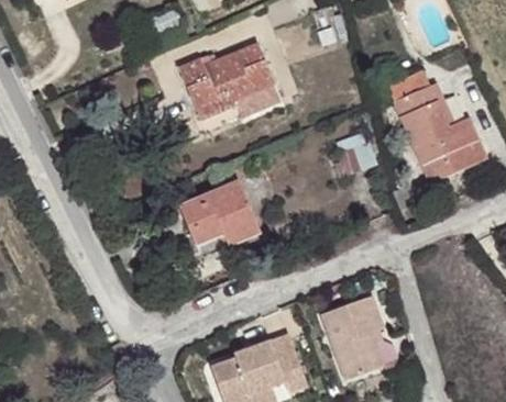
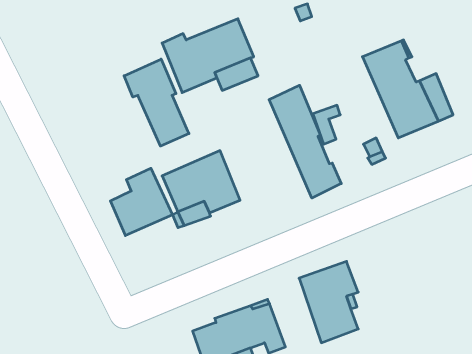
building: none -> [124,59,189,146]
building: none -> [269,85,341,198]
building: none -> [110,168,173,236]

